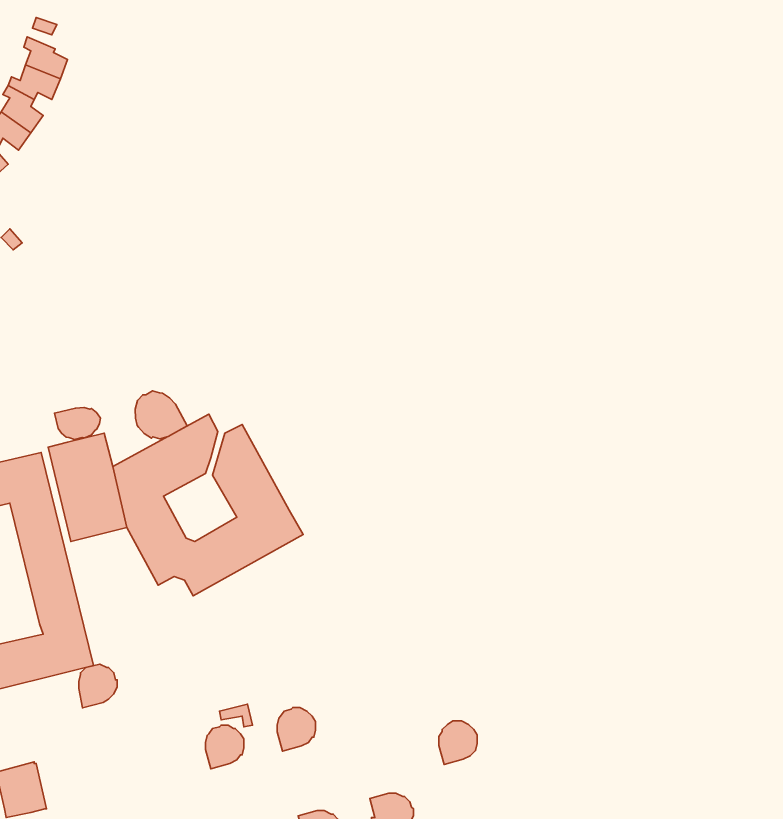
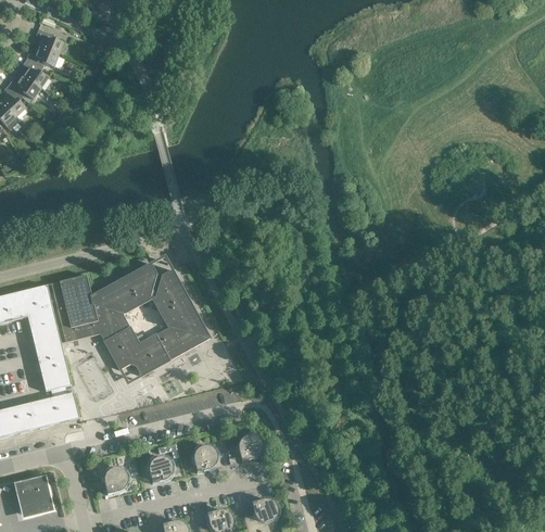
building: [135,391,187,439] -> none
building: [55,407,100,439] -> none
building: [79,664,117,708] -> [104,466,128,493]
building: [439,721,477,765] -> [238,433,262,460]

